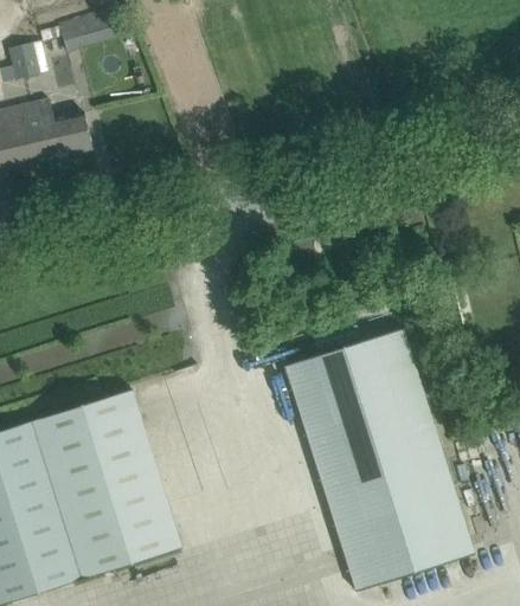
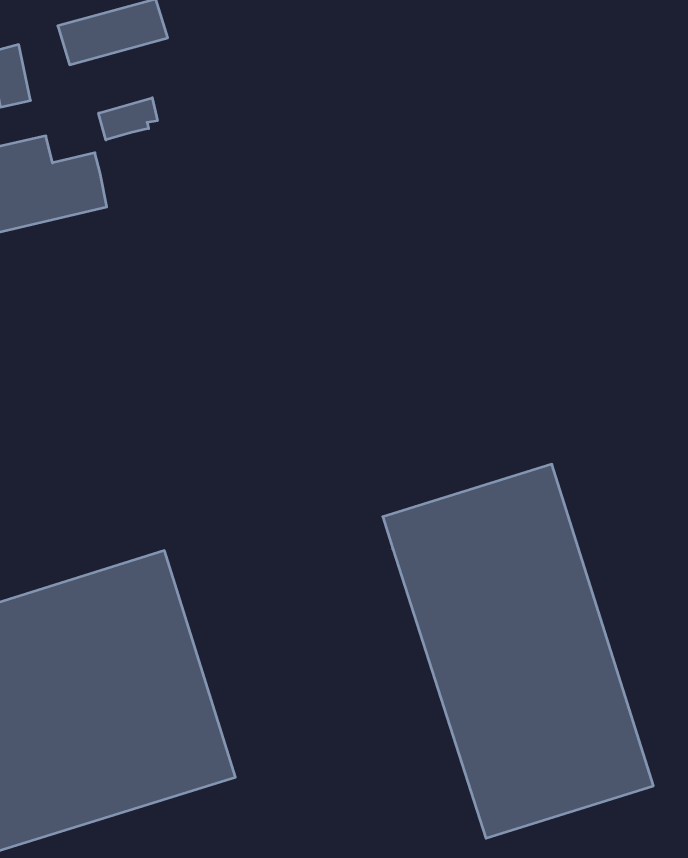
building: none -> [99,98,157,140]

